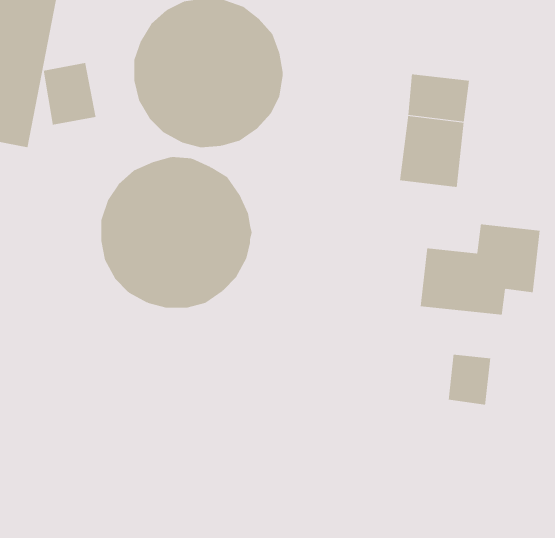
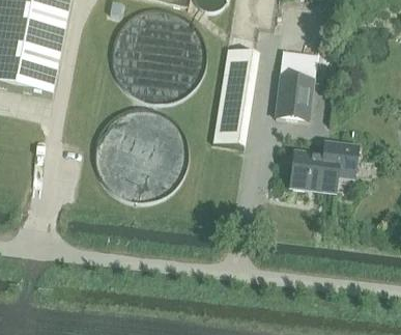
building: [43,62,96,125] -> none
building: none -> [211,49,259,147]
building: [448,354,491,405] -> none

